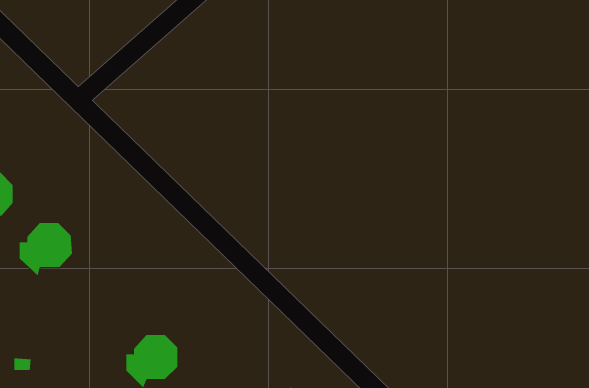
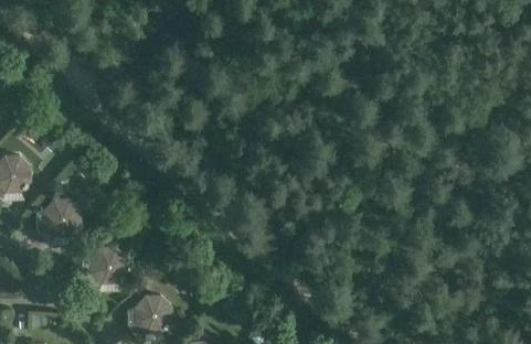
building: none -> [82,246,128,291]

